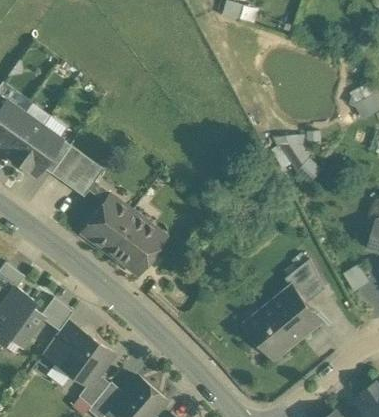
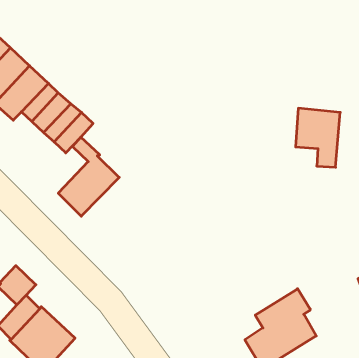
building: [103,211,165,273] -> none
building: [286,259,324,302] -> none

